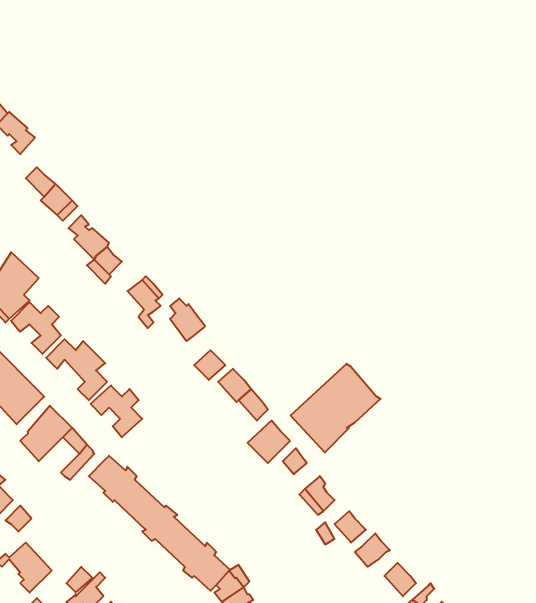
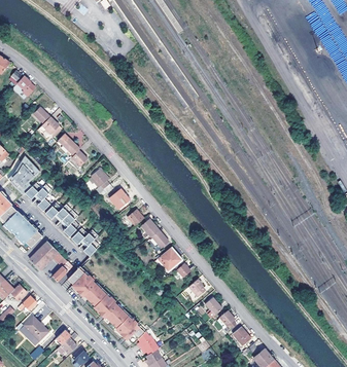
building: [291,364,381,453] -> none

